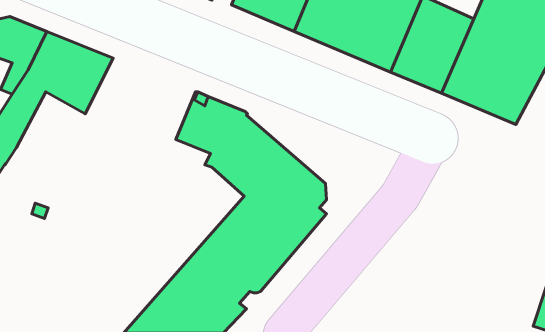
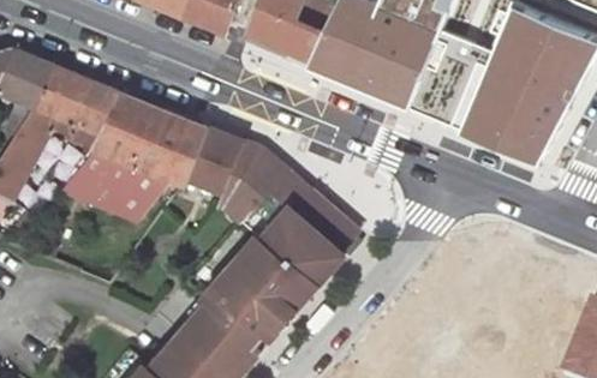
building: none -> [58,94,207,222]

